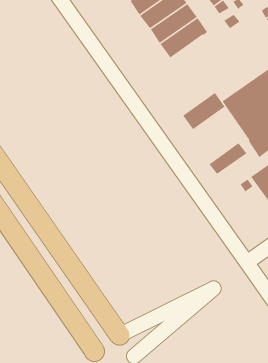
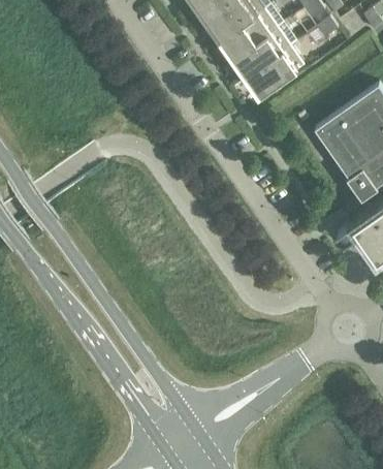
building: [182,92,225,130] -> [250,50,305,98]
building: [208,142,247,175] -> none

